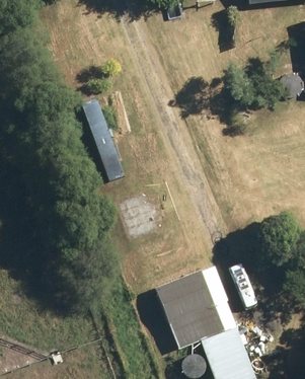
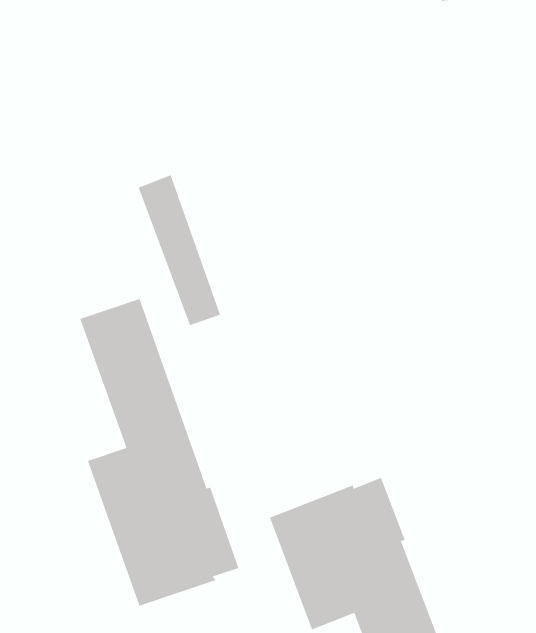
building: none -> [79,298,239,607]

